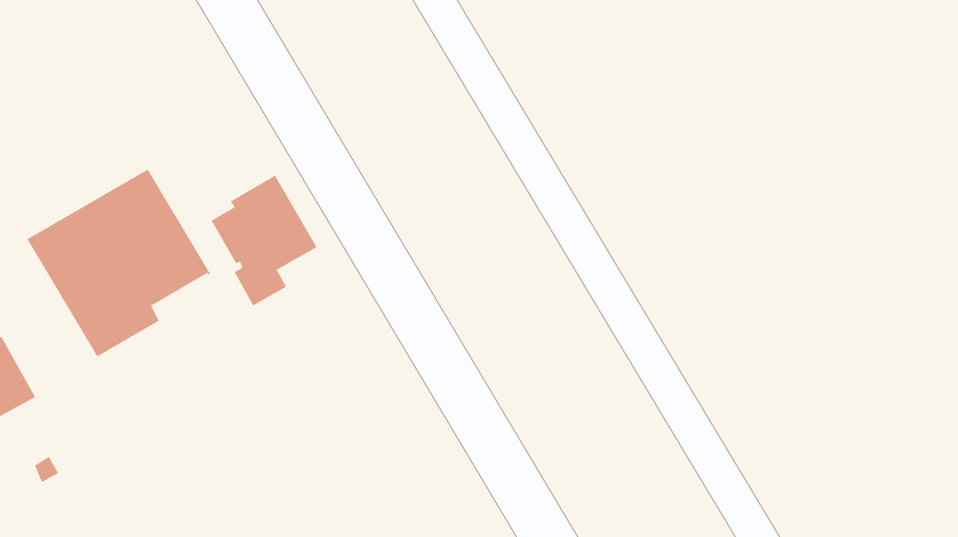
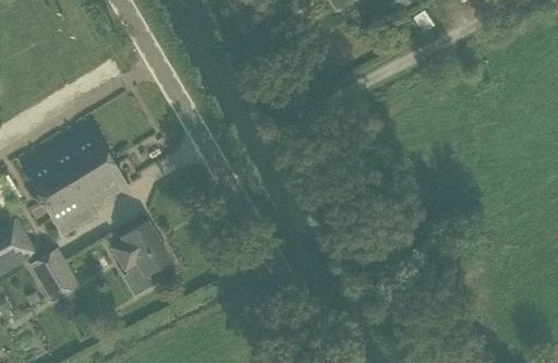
building: [211,175,317,306] -> [110,221,171,297]
building: none -> [31,251,76,301]

